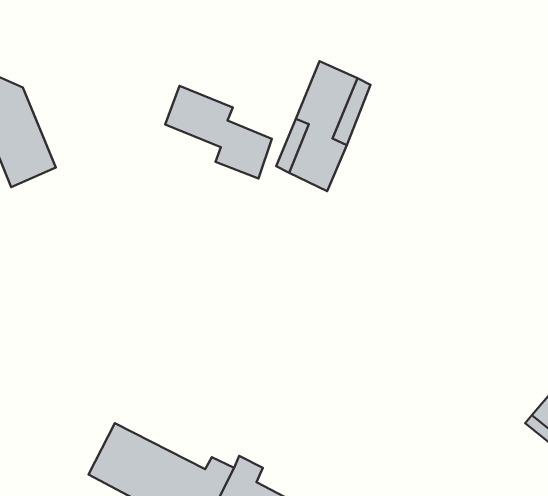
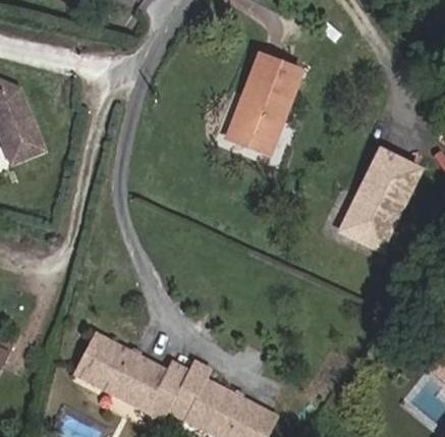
building: [165,86,272,178] -> none
building: none -> [336,154,421,256]

